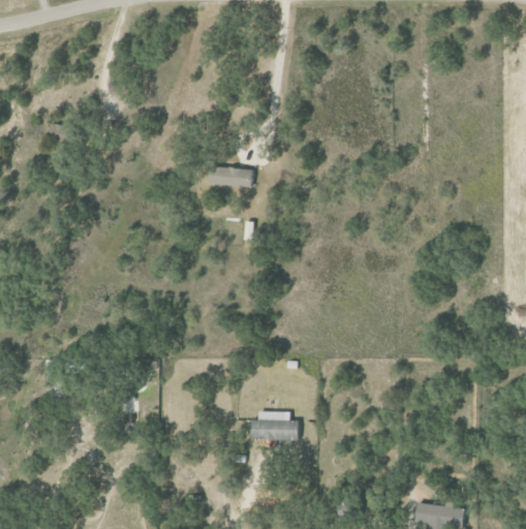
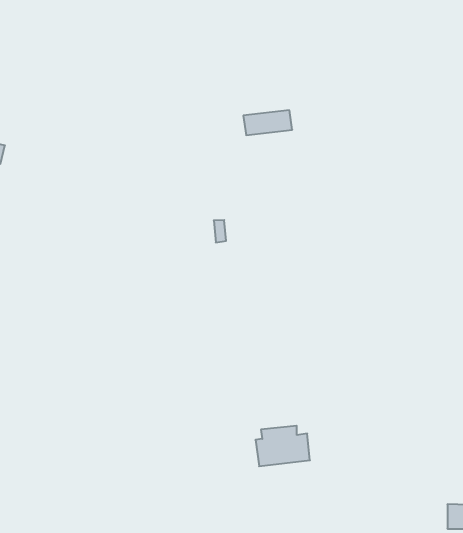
building: [210,167,251,186] -> [243,110,292,135]

